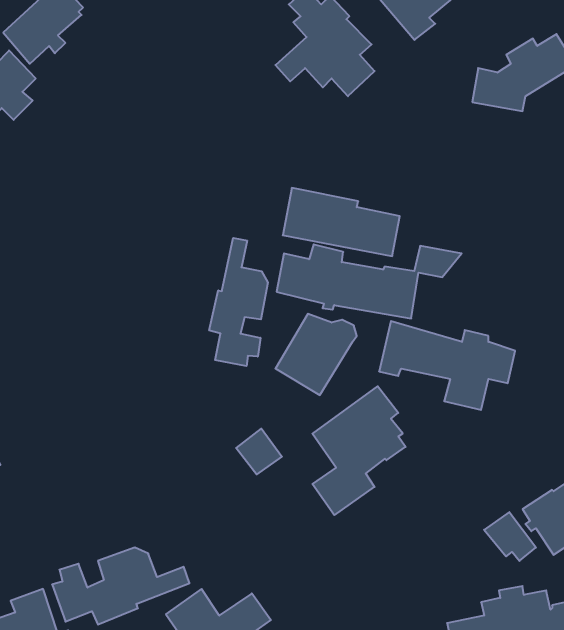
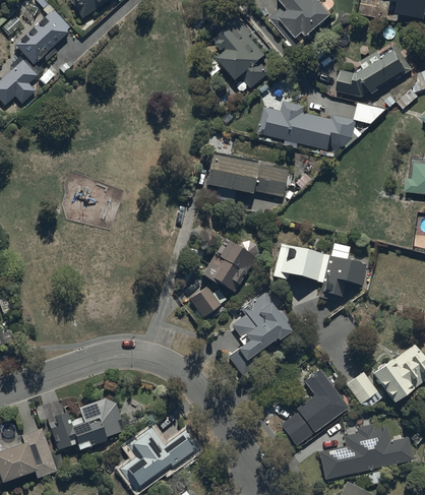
building: [209,238,268,366] -> none
building: [277,244,462,318] -> [259,101,386,151]
building: [236,429,282,474] -> [189,286,221,317]
building: none -> [281,368,350,445]

